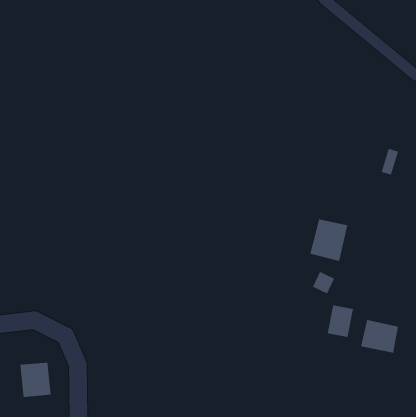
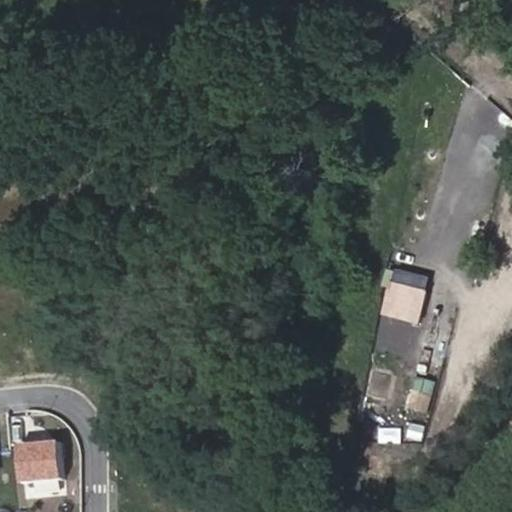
building: [361,319,398,354] -> none

